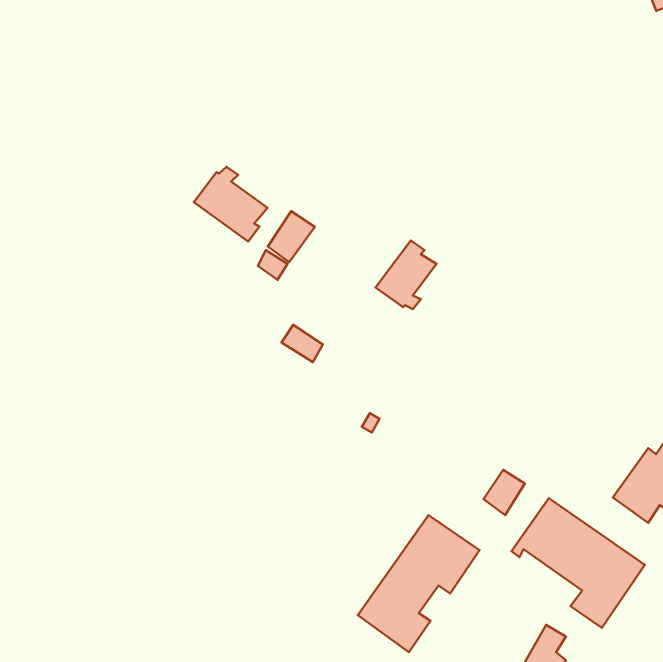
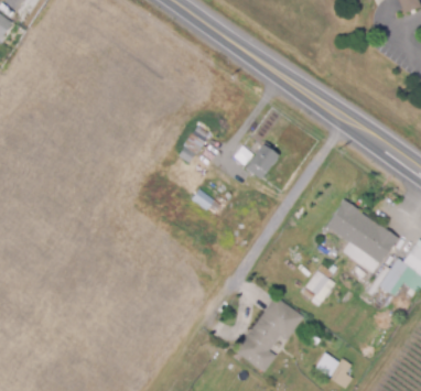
building: [194,167,268,241] -> none
building: [512,498,645,628] -> [324,200,399,273]

